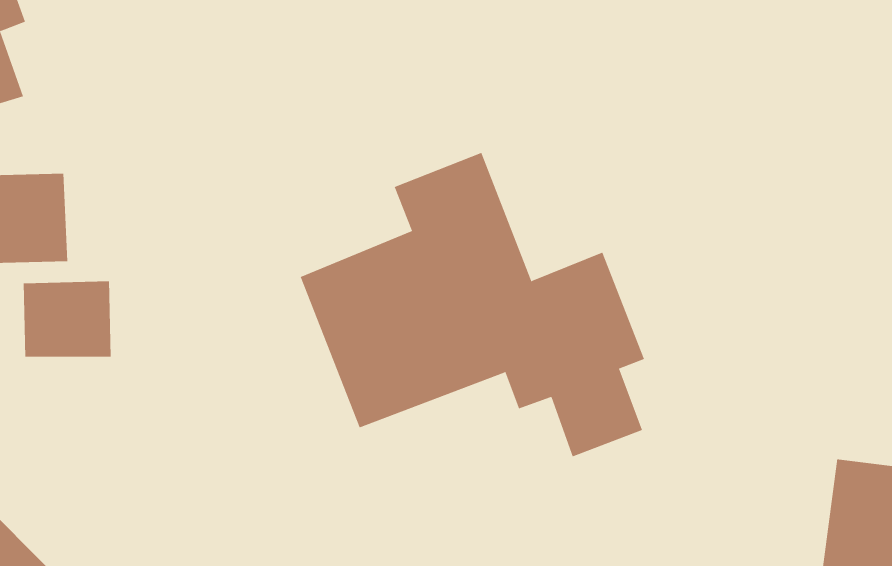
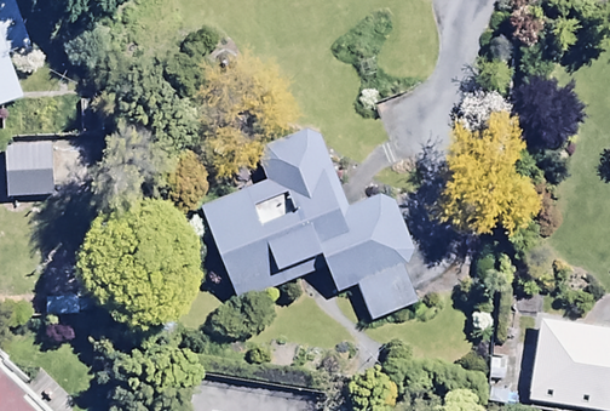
building: [23,281,111,358] -> none

